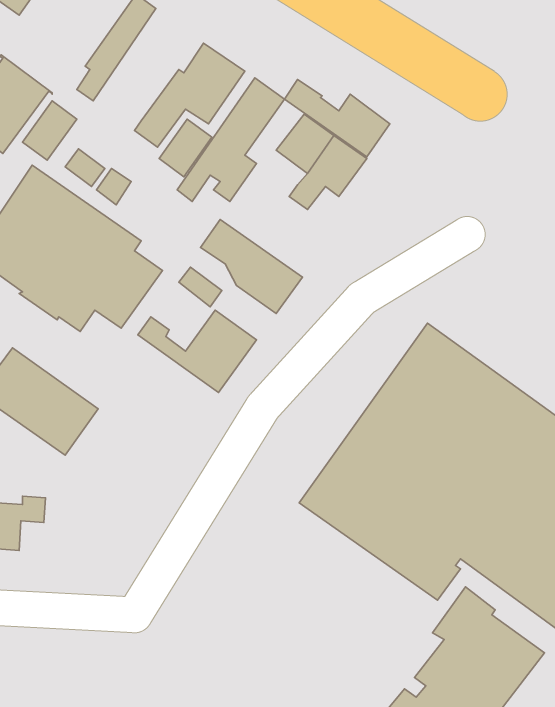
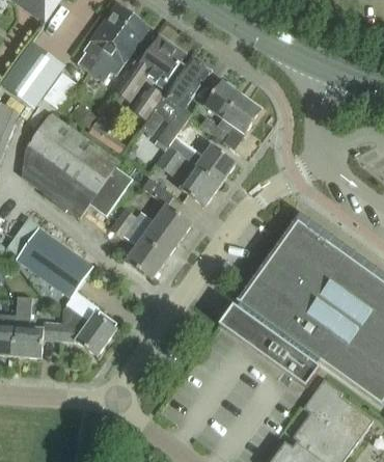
building: none -> [88,15,147,82]
building: [284,79,390,157] -> [168,135,235,184]
building: none -> [109,220,167,279]
building: none -> [60,305,116,355]

